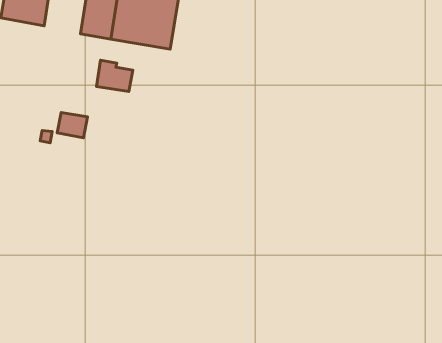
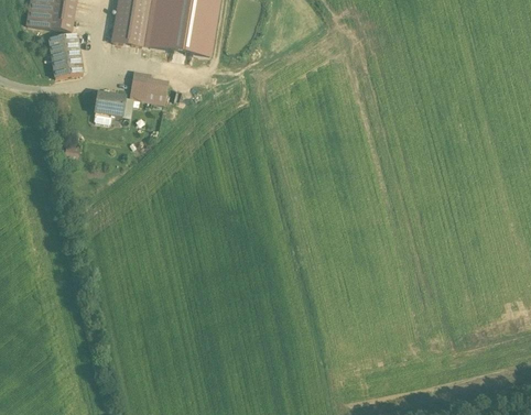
building: none -> [48,31,84,75]
building: [57,113,87,138] -> [94,89,127,117]

